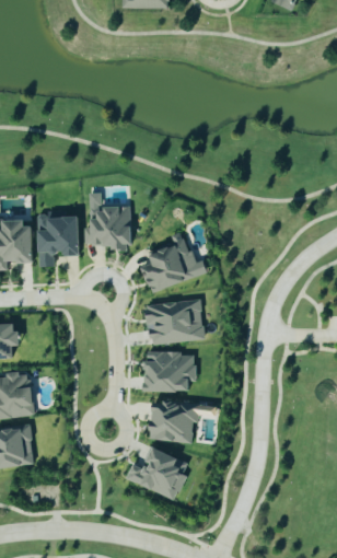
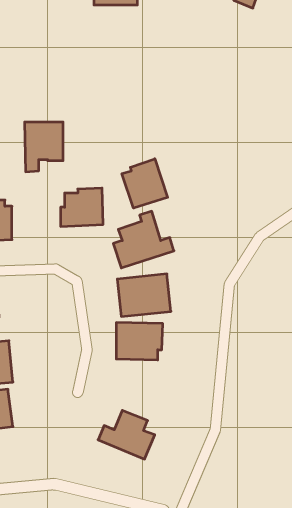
building: none -> [122,159,168,208]
building: [37,213,79,267] -> [25,122,63,172]
building: [150,399,199,443] -> none

